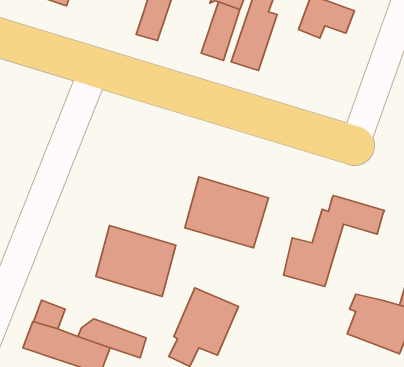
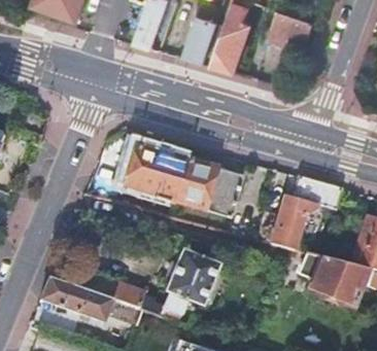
building: [96,225,176,297] -> [121,142,186,201]

